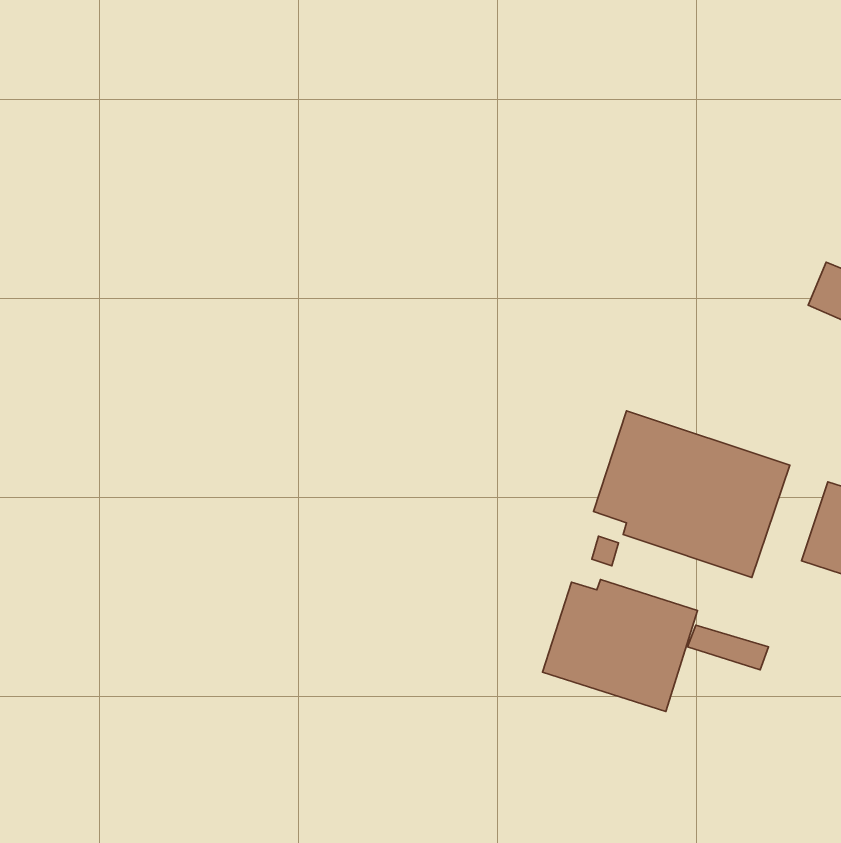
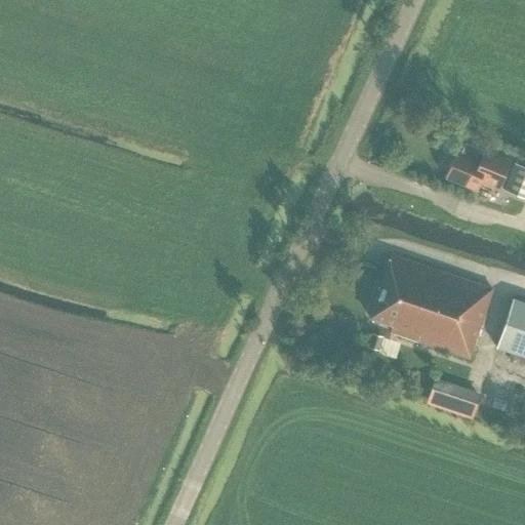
building: none -> [444,148,511,191]
building: [542,580,698,712] -> none

